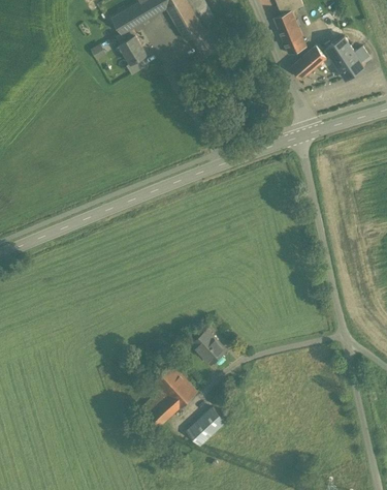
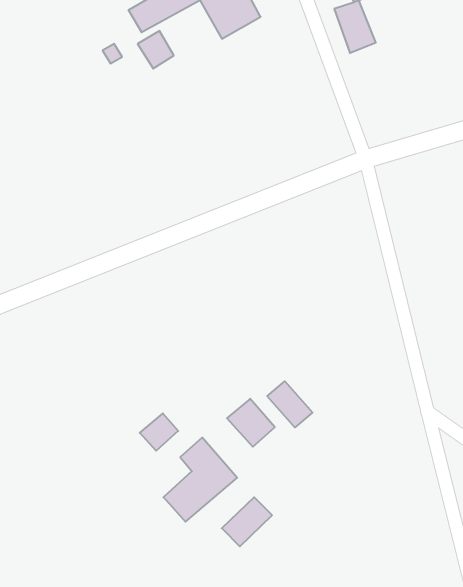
building: [291,32,372,80] -> none
building: none -> [267,381,312,427]
building: none -> [140,413,178,451]

